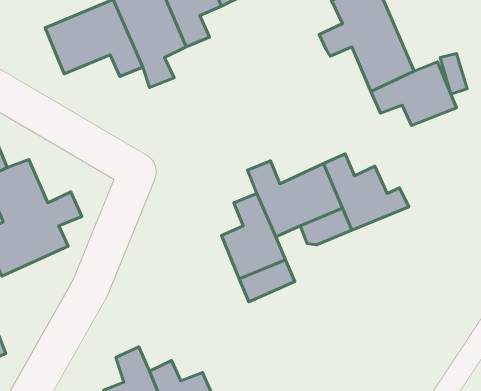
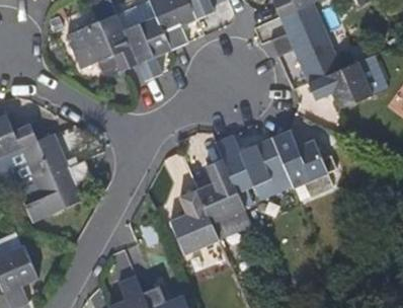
building: none -> [171,189,218,253]

